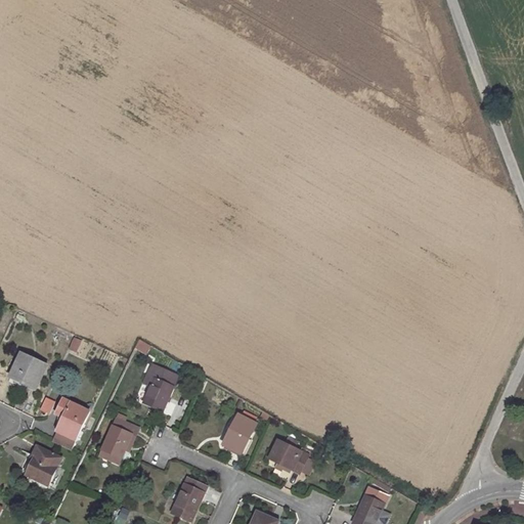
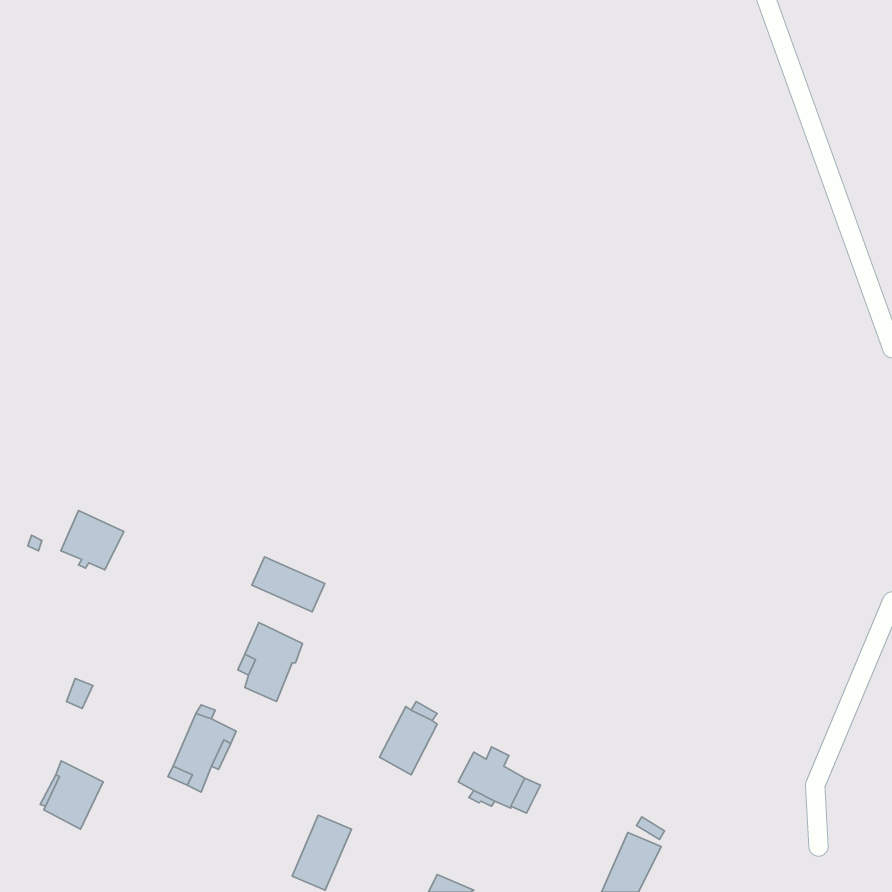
building: none -> [252,557,325,612]
building: [9,352,46,387] -> [61,511,124,570]
building: [51,398,88,450] -> none

